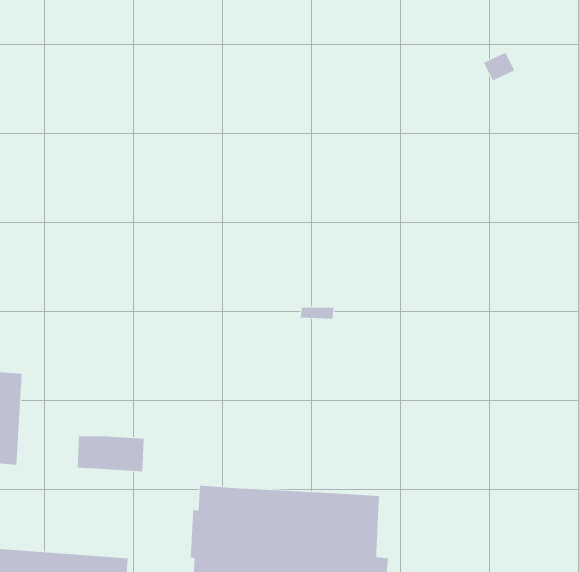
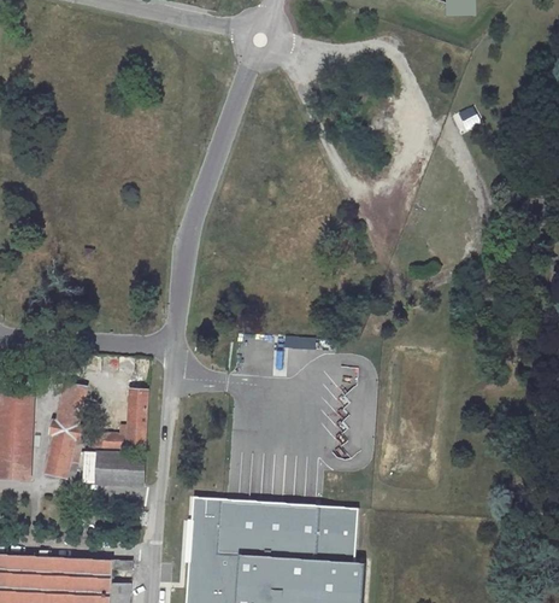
building: none -> [45,382,89,478]
building: none -> [89,391,147,452]

